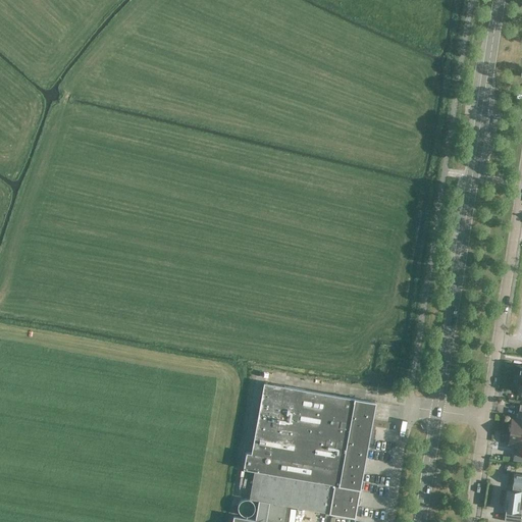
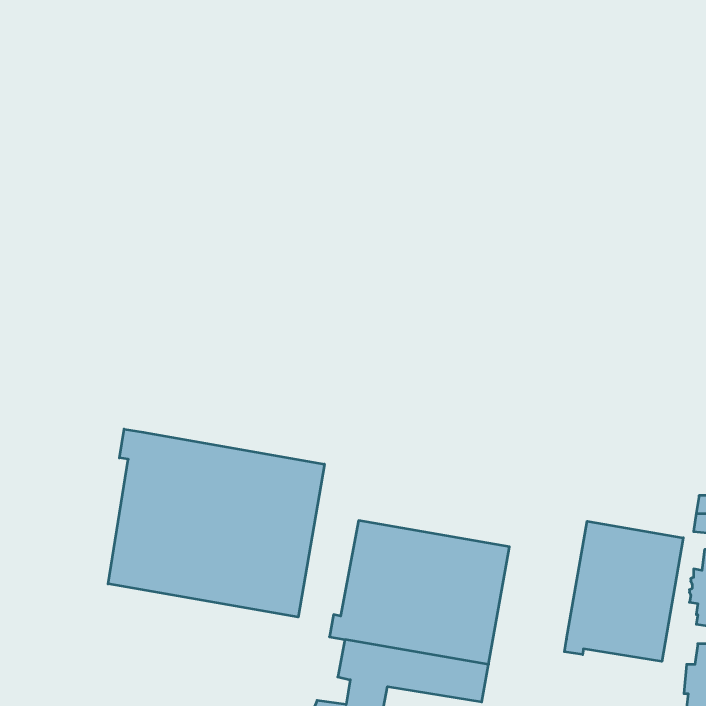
building: none -> [108,429,324,617]
building: none -> [564,521,683,661]

